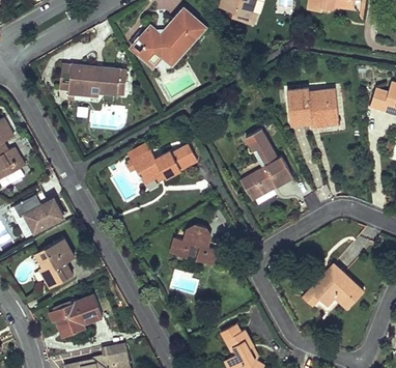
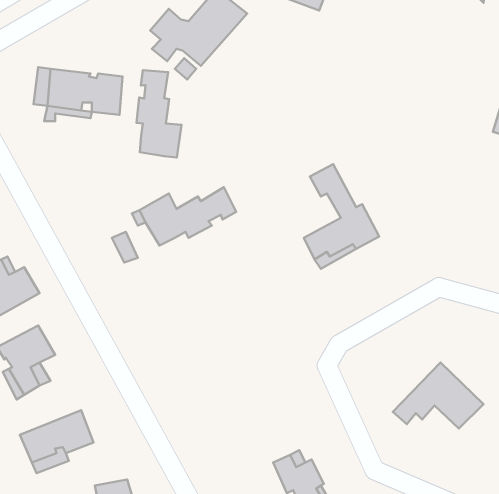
building: none -> [136,70,182,157]
building: [287,88,338,128] -> none
building: [170,224,217,264] -> none

